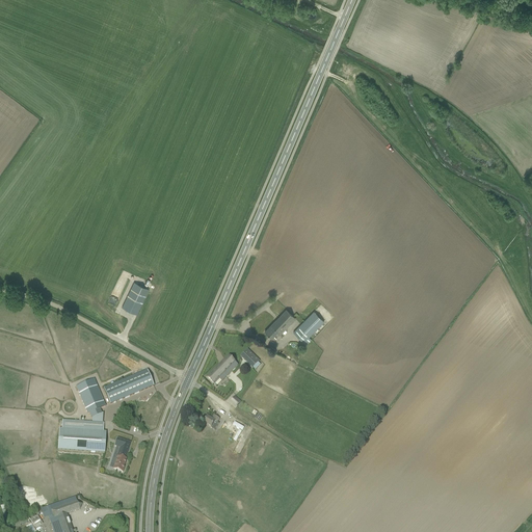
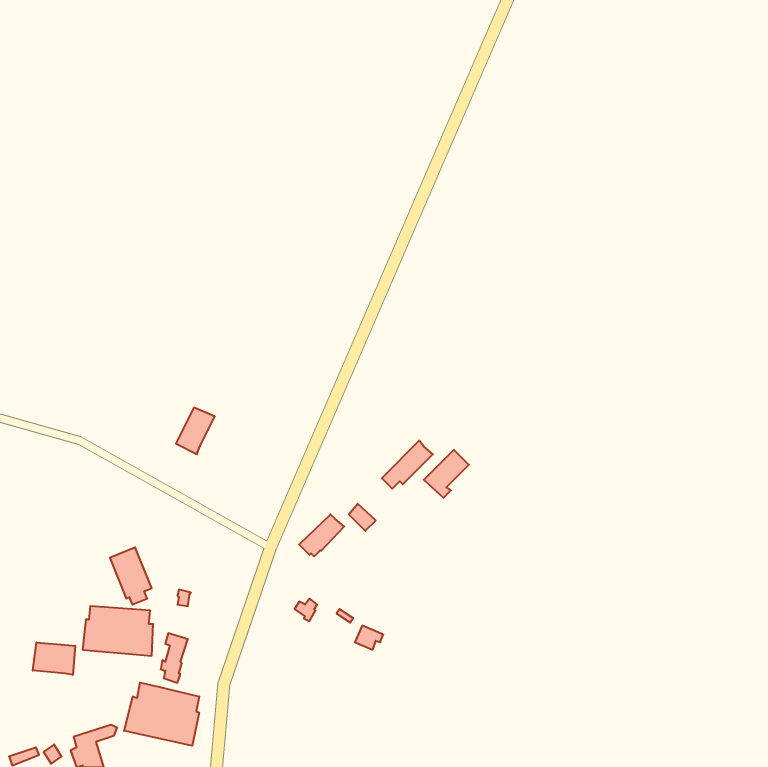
building: [104,370,154,404] -> none
building: none -> [33,642,75,675]
building: none -> [124,683,199,746]

